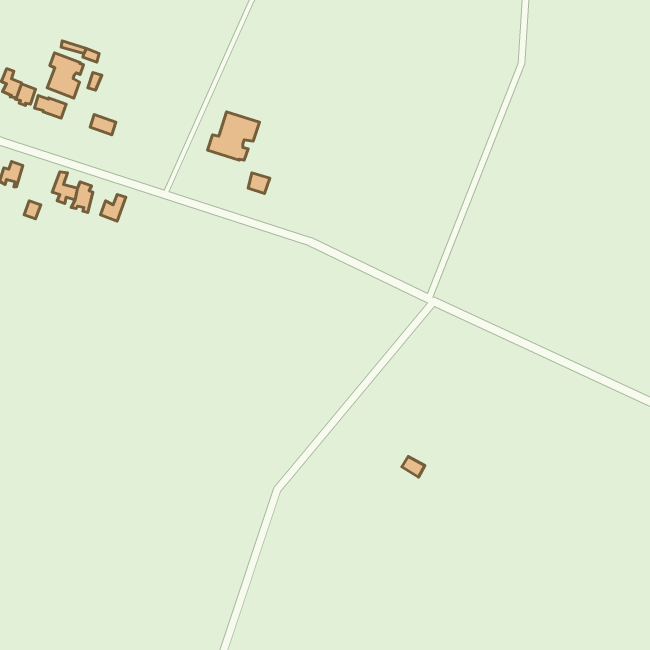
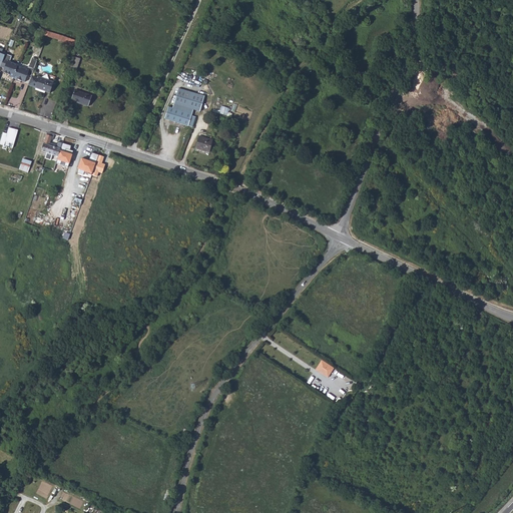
building: [47,53,84,98] -> none

